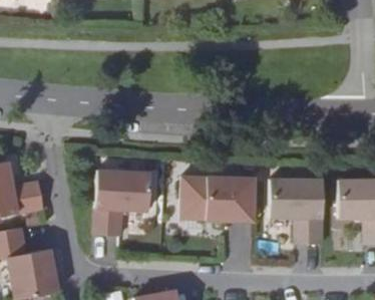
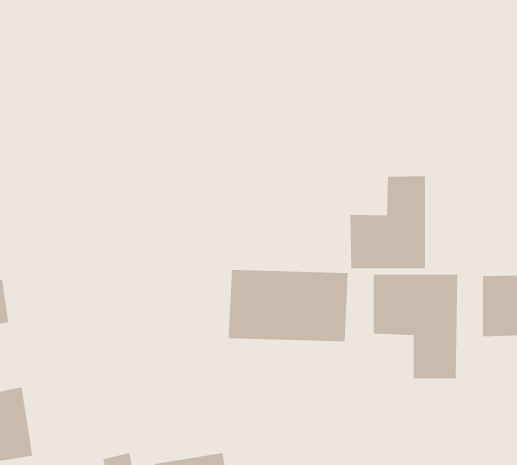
building: none -> [350,175,425,269]
building: [94,171,151,237] -> none

